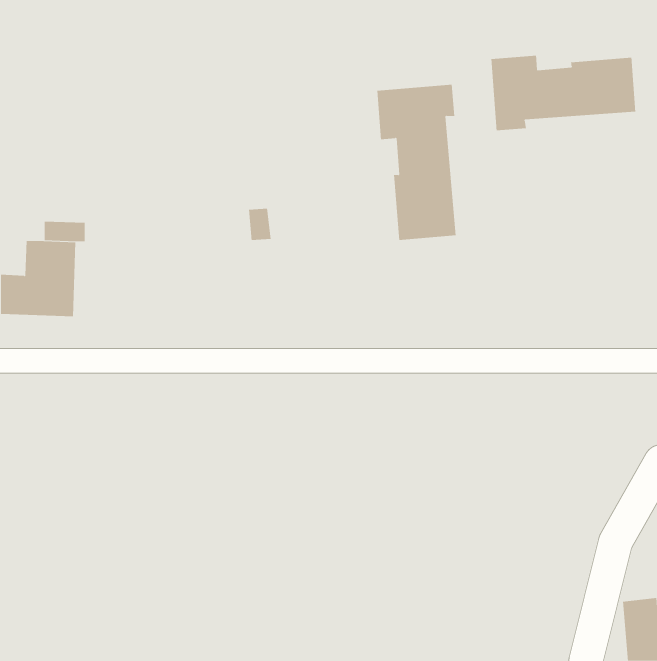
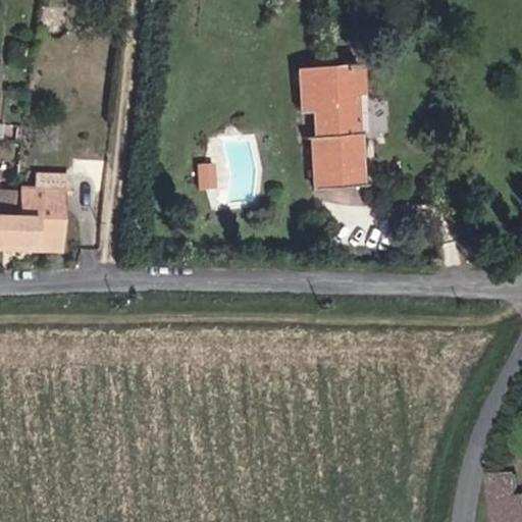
building: [491,55,636,131] -> none

